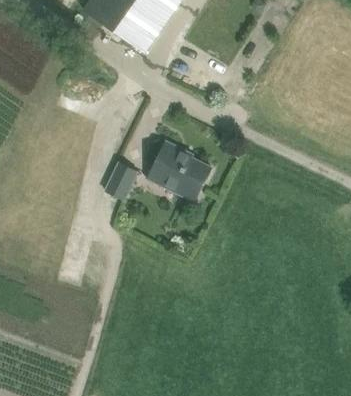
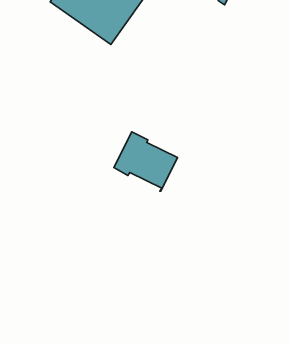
building: [105,162,137,199] -> none

